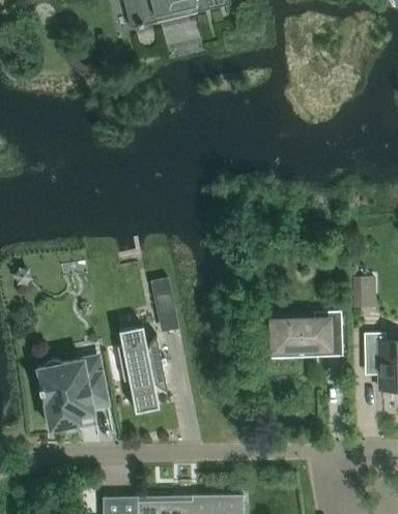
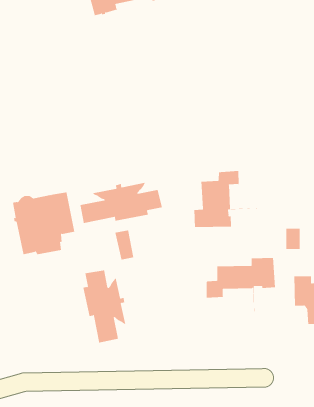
building: none -> [194,170,264,228]
building: none -> [80,182,163,224]
building: [37,356,111,429] -> [12,192,75,255]

